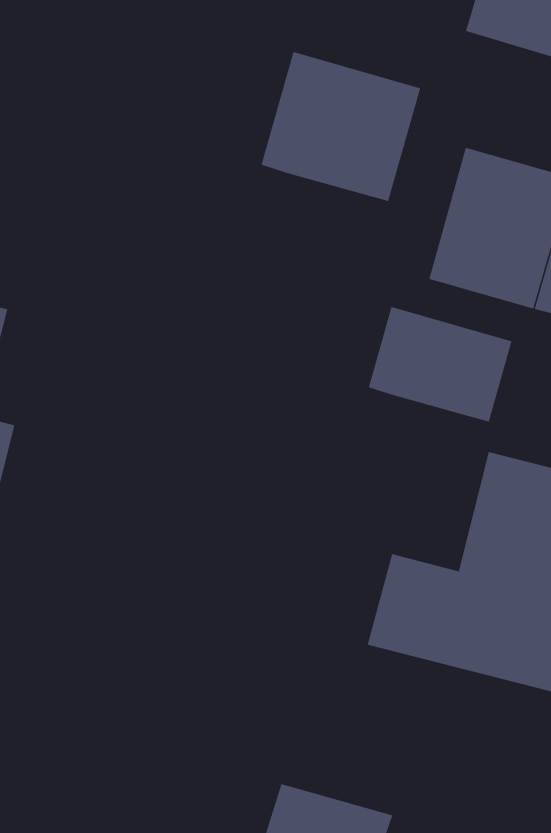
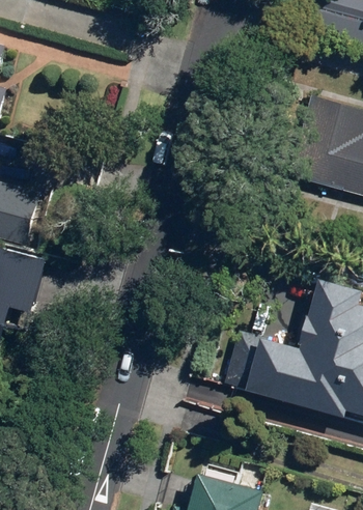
building: [261,51,421,202] -> none
building: [368,306,512,422] -> none

